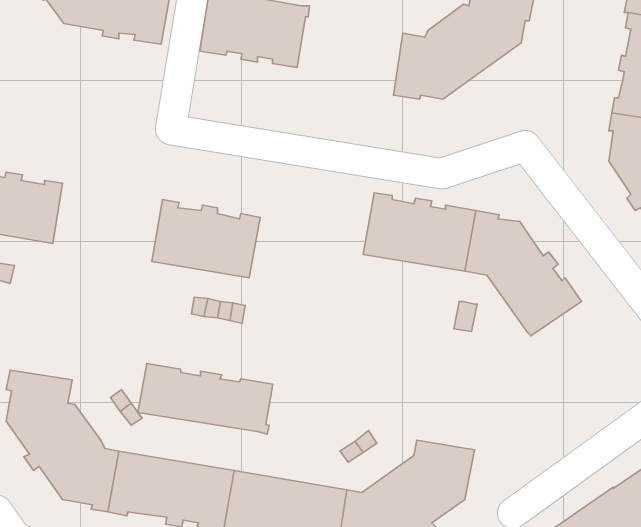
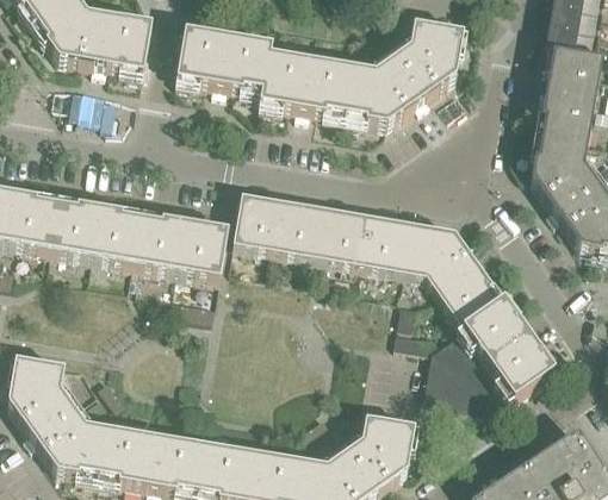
building: none -> [259,50,353,118]
building: none -> [234,188,328,256]
building: none -> [49,194,144,262]
building: none -> [395,299,554,411]
building: [138,363,273,434] -> none

